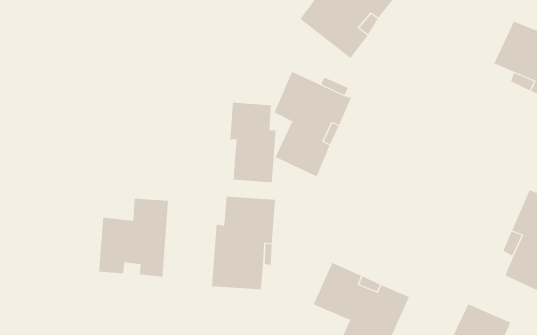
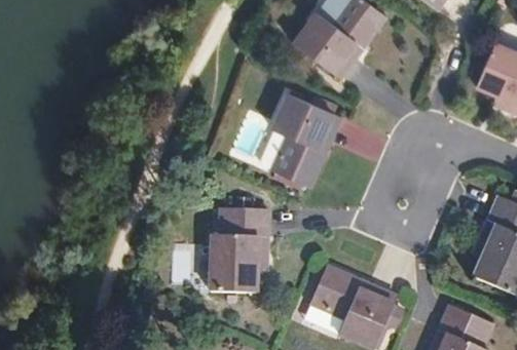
building: [230,102,276,183] -> none
building: [99,198,168,277] -> none

